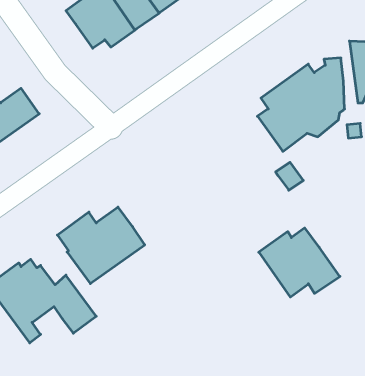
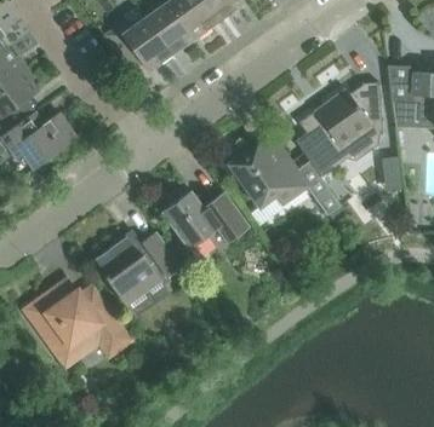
building: none -> [161,190,251,250]
building: [259,228,340,297] -> [229,139,310,208]

